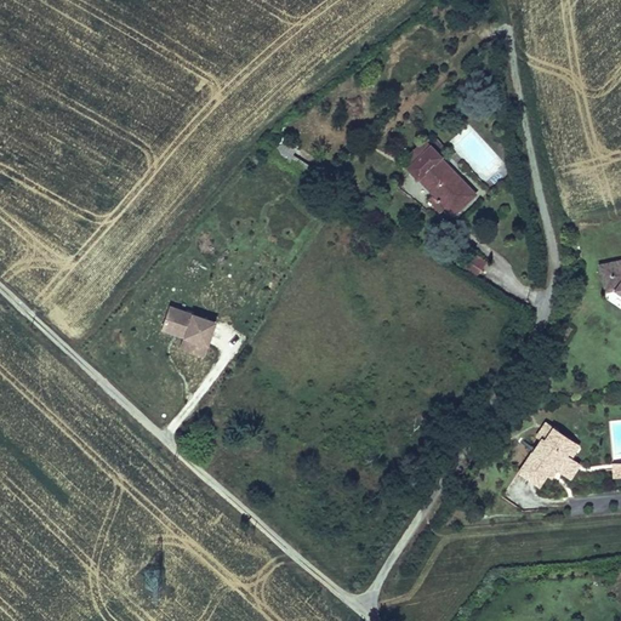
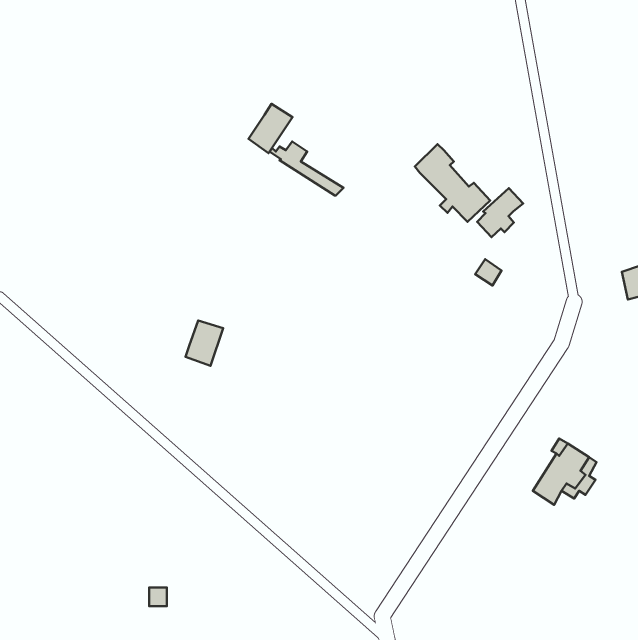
building: none -> [249,104,292,153]
building: none -> [477,188,523,237]
building: [164,303,194,335] -> none

